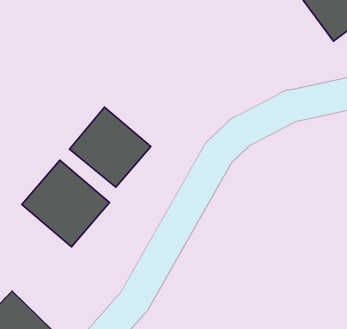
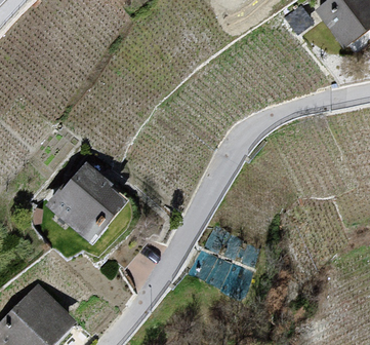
building: [70,107,151,187] -> none

